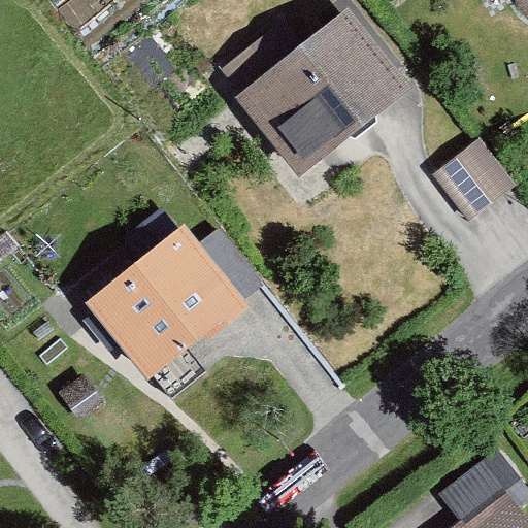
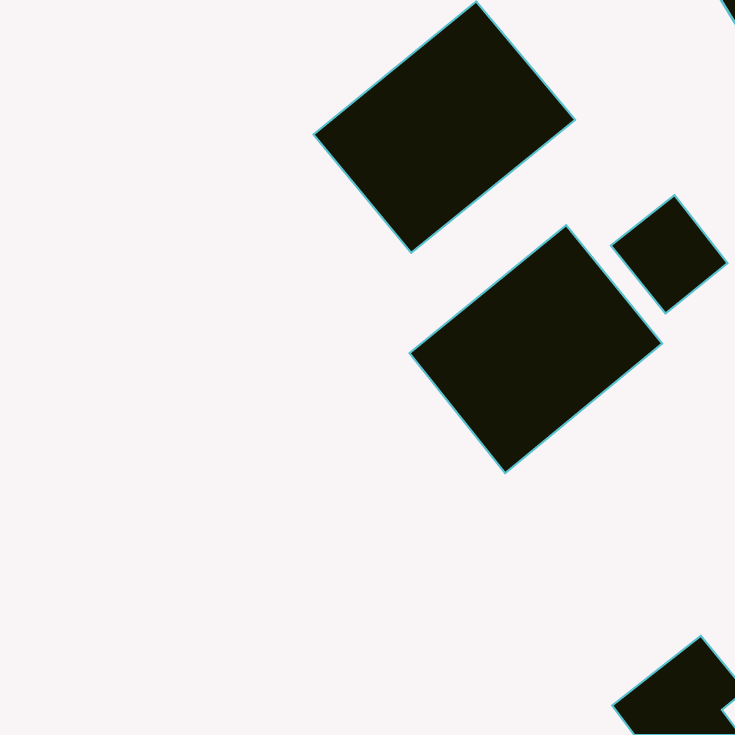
building: none -> [409,225,662,473]
building: [88,230,243,382] -> none

